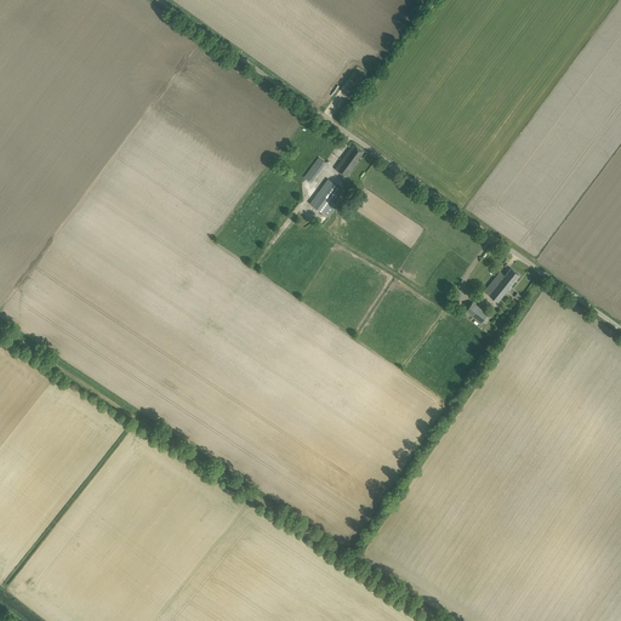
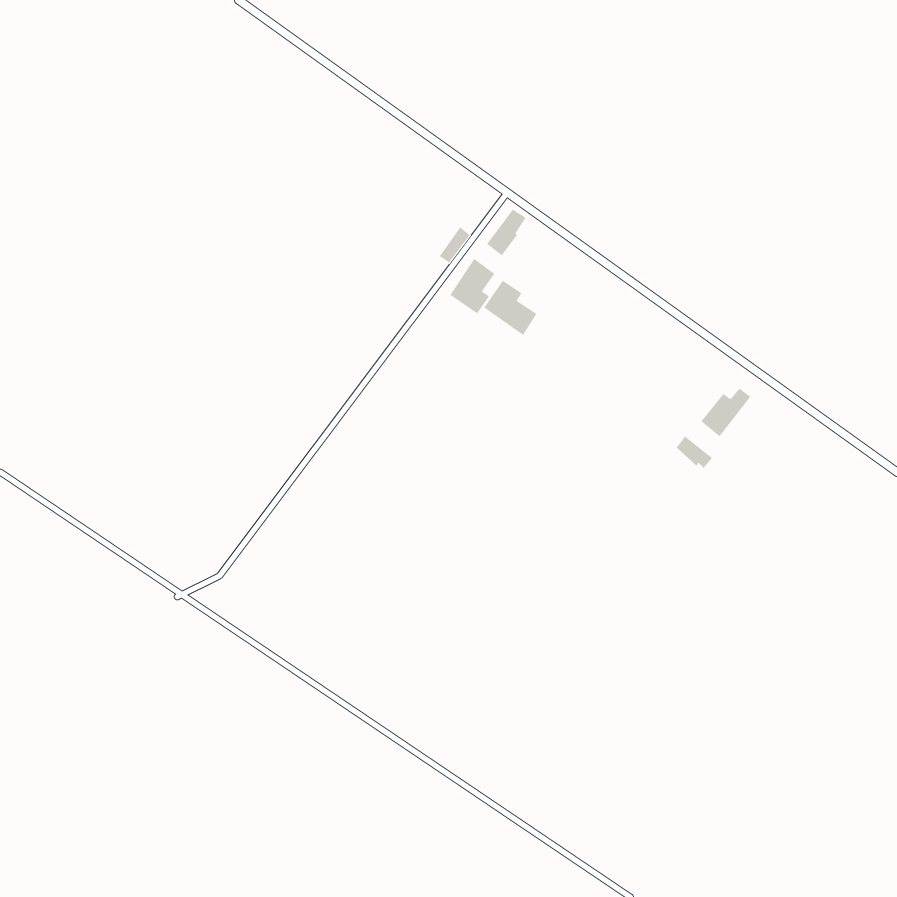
building: none -> [483,280,537,336]

